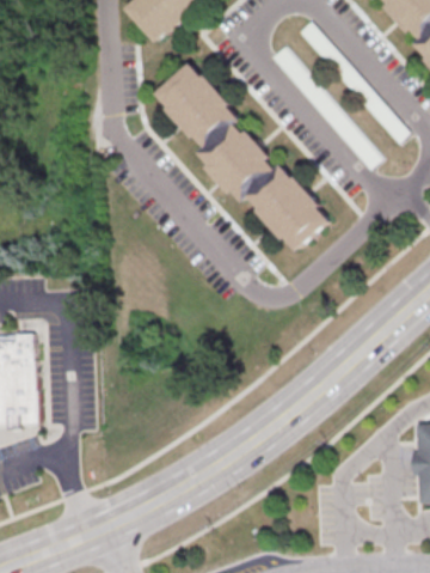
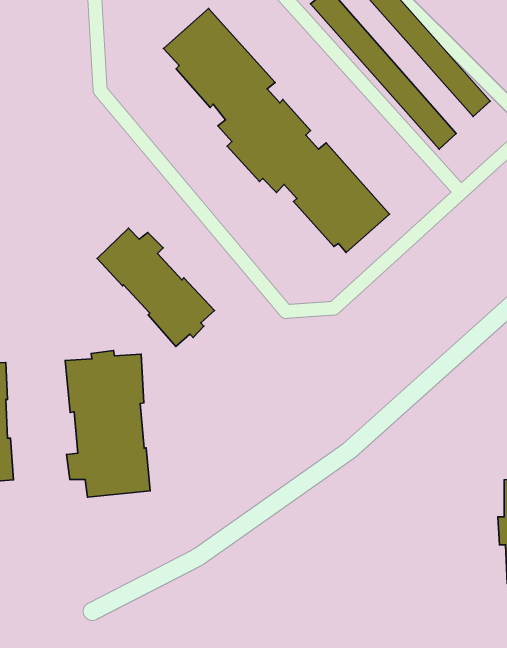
building: none -> [97,228,215,346]
building: none -> [65,351,150,497]

